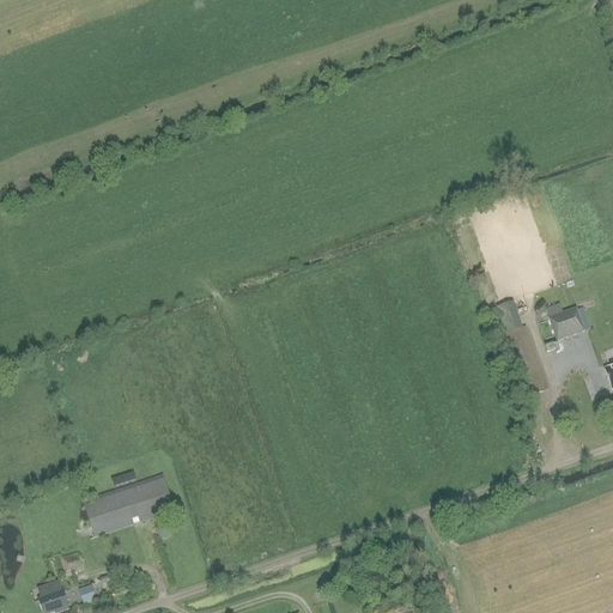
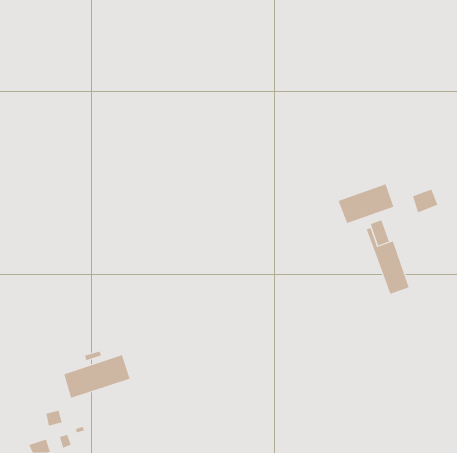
building: none -> [338,183,394,224]
building: [550,304,584,336] -> [412,189,438,213]

